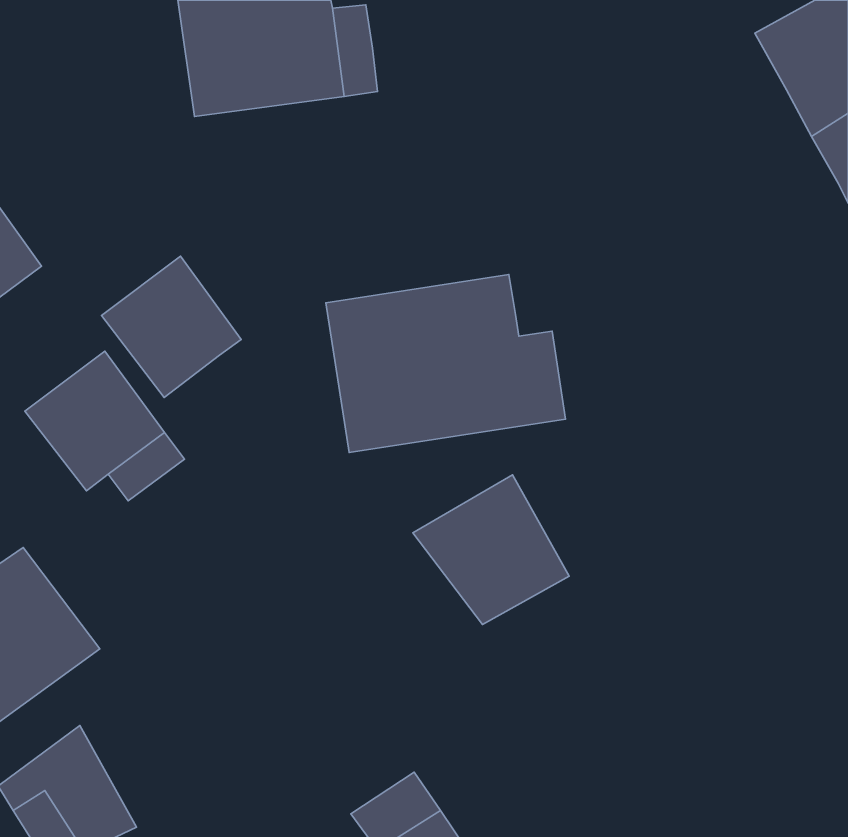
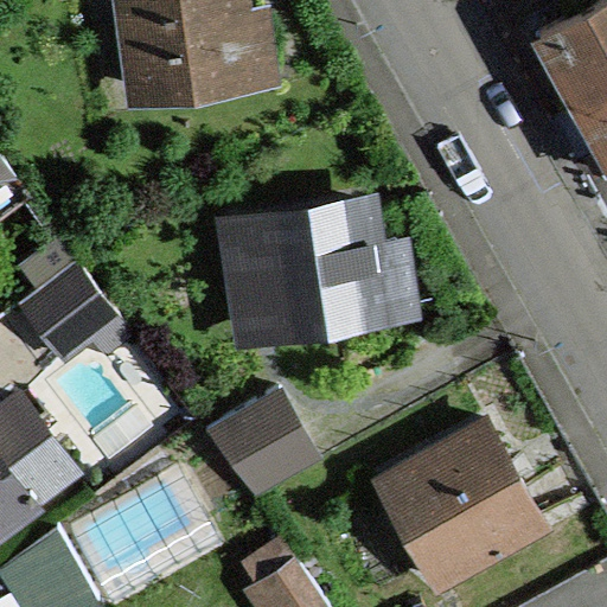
building: [102,256,241,398] -> none
building: [413,475,569,624] -> [205,390,317,497]
building: none -> [381,423,543,583]

